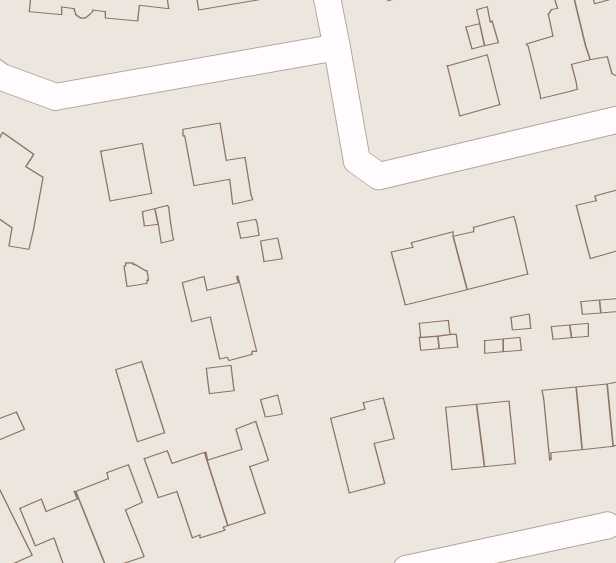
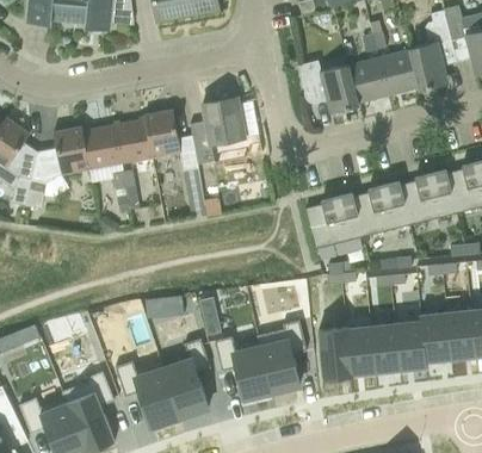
building: none -> [378,50,419,95]
building: none -> [299,61,358,113]
building: none -> [190,98,258,165]
building: none -> [113,119,153,163]
building: none -> [26,126,88,209]
building: none -> [400,169,457,225]
building: [182,277,257,360] -> [215,336,272,401]
building: [116,361,164,442] -> none
building: none -> [395,321,426,371]
building: none -> [317,328,351,379]

